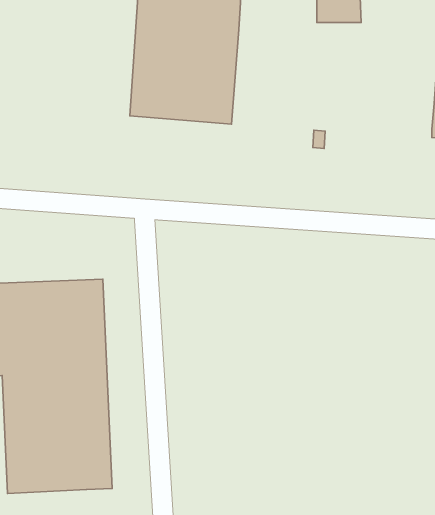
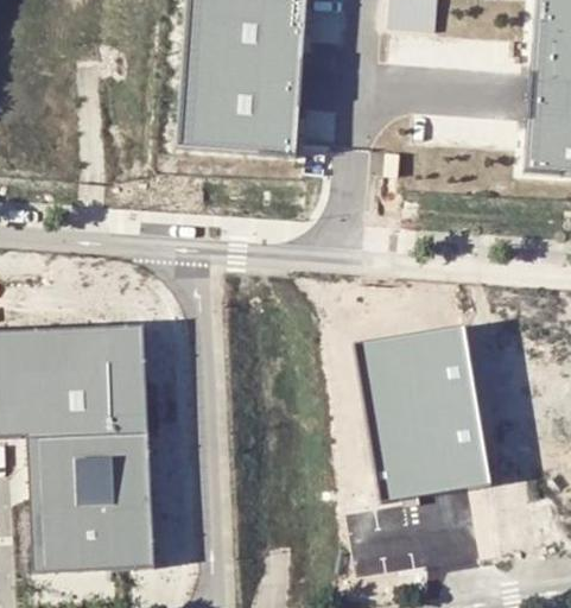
building: none -> [359,323,493,506]

